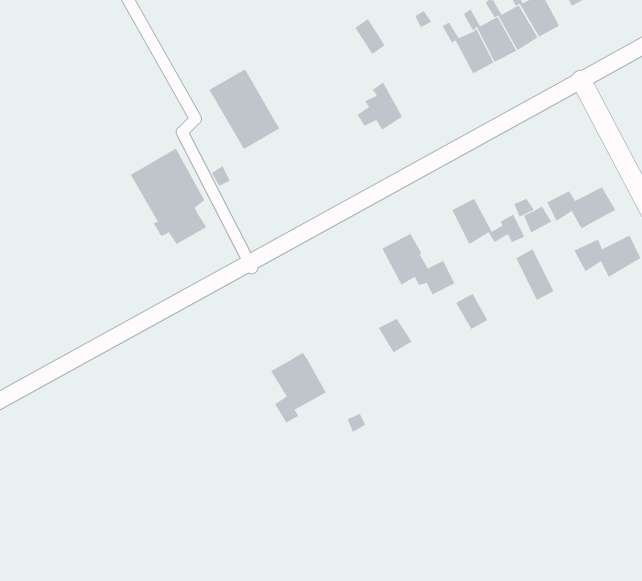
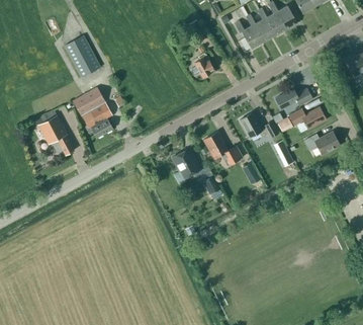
building: [209,68,280,150] -> [62,34,99,77]
building: none -> [275,82,309,108]
building: none -> [34,107,74,154]
building: [270,352,326,424] -> [171,147,200,184]

